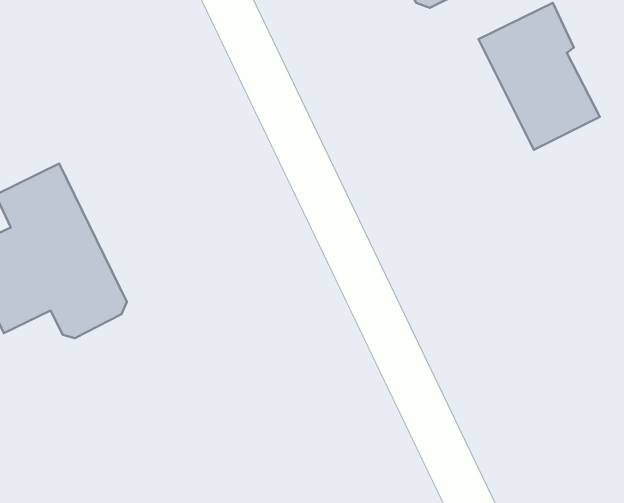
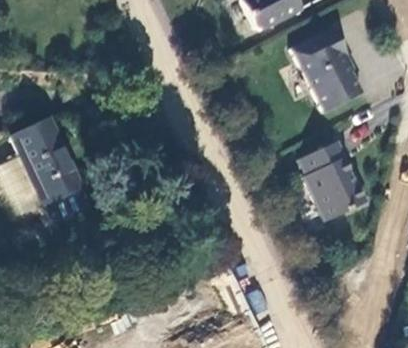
building: none -> [299,140,366,220]

